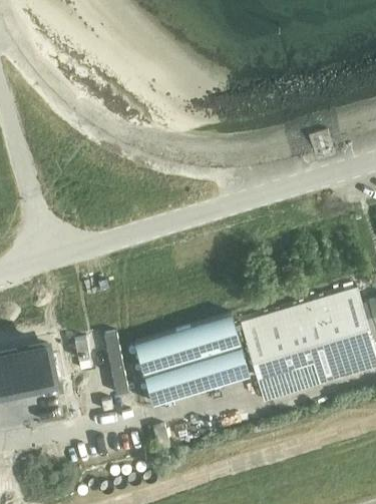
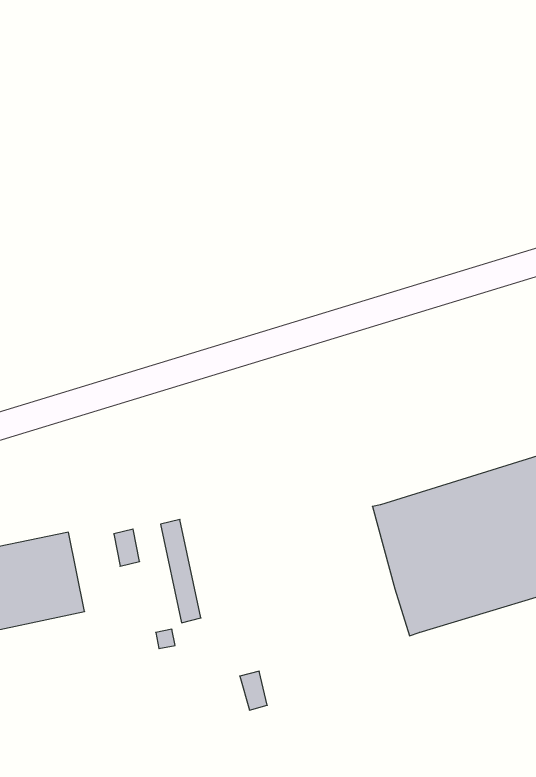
building: [134,315,249,405] -> none

